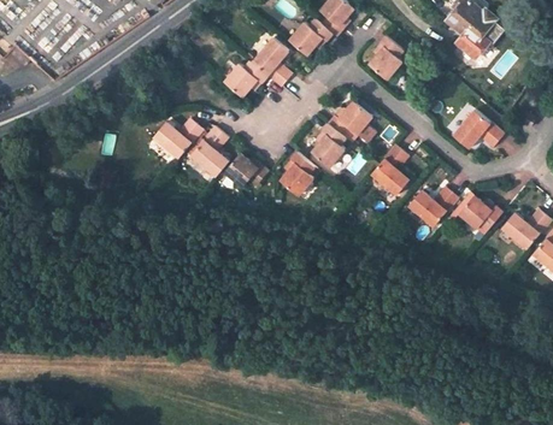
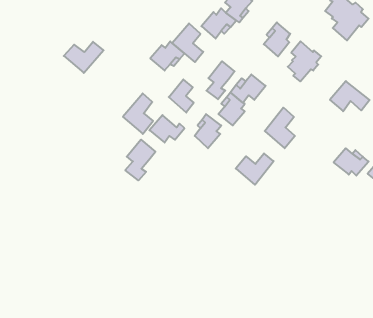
building: none -> [288,41,321,81]
building: none -> [206,61,235,99]
building: none -> [169,79,194,113]
building: [152,118,202,158] -> [64,42,104,73]
building: none -> [125,140,155,180]
building: [408,187,457,226] -> [236,153,274,185]

